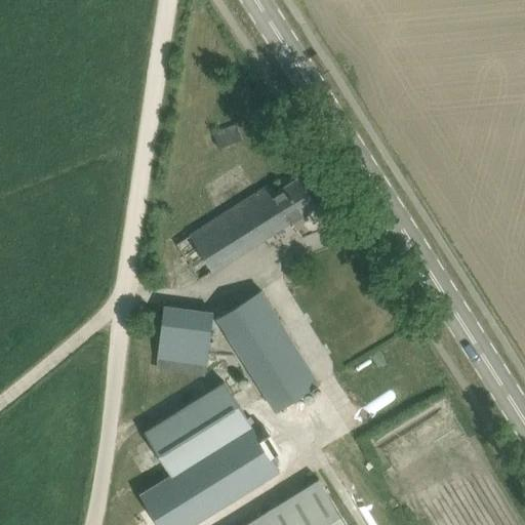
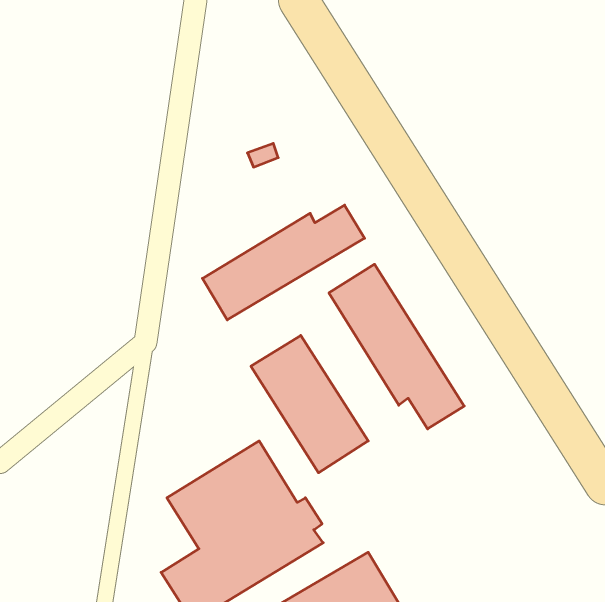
building: none -> [329,264,464,429]
building: [158,309,213,366] -> none

